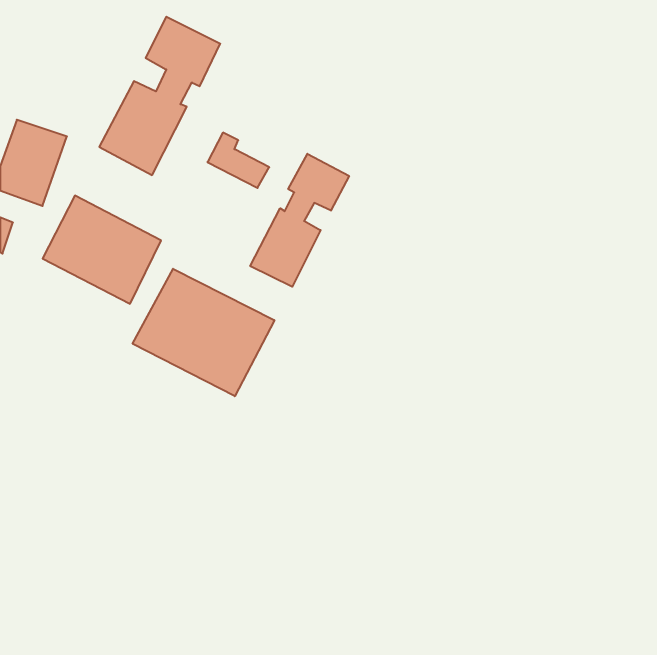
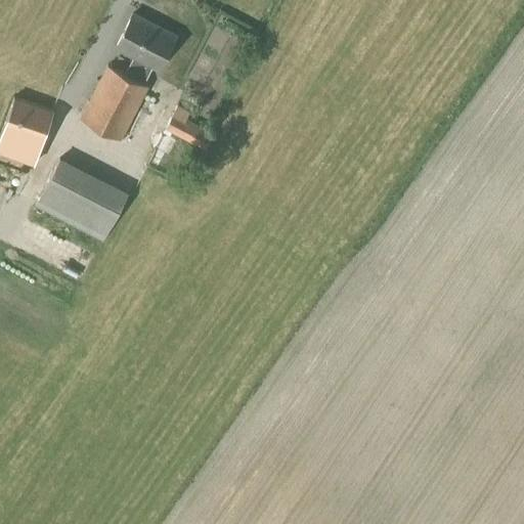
building: [250,154,349,287] -> none
building: [133,269,274,396] -> none

